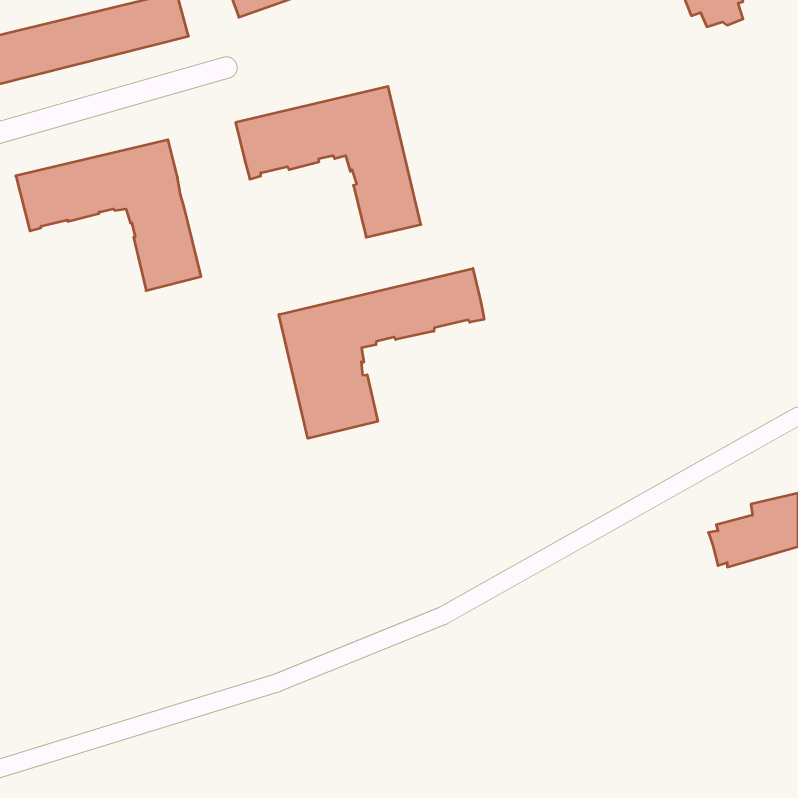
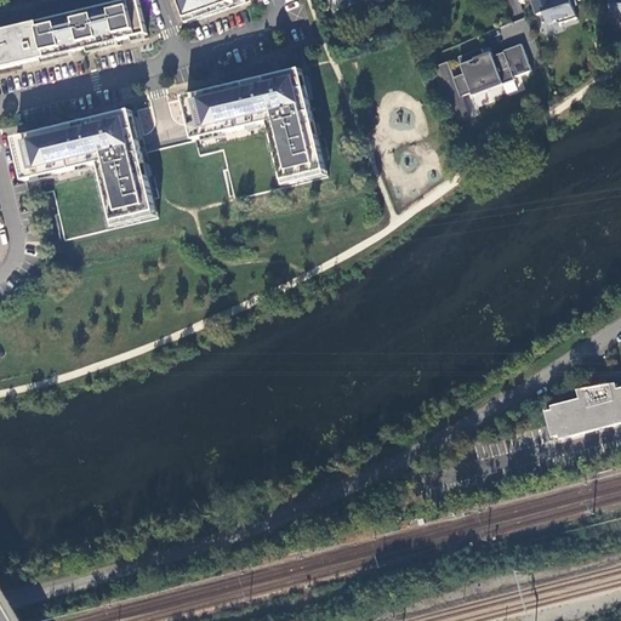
building: none -> [431,41,529,121]
building: [279,268,484,438] -> none

